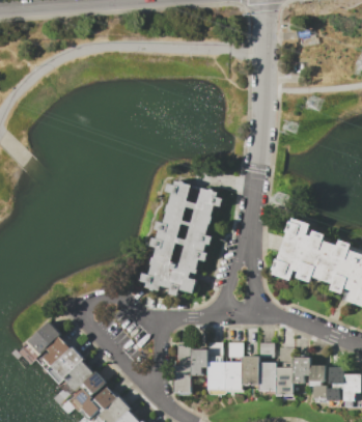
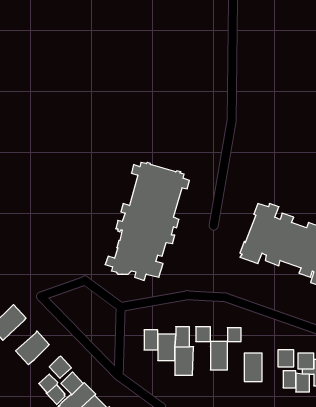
building: [43,336,69,366] -> none
building: [293,358,308,392] -> none
building: [64,361,92,392] -> none
building: [224,362,242,390] -> none
building: [258,363,275,391] -> none
building: [173,365,190,393] -> none

